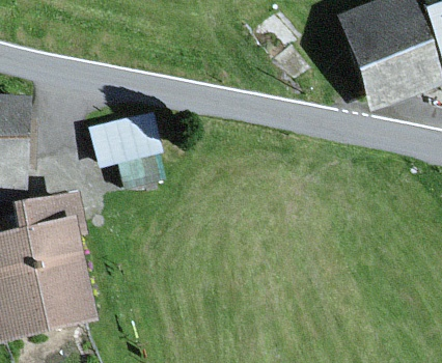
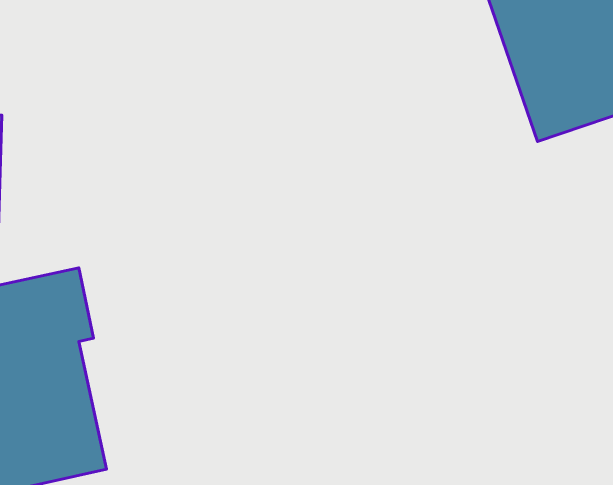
building: [87,109,165,188] -> none

